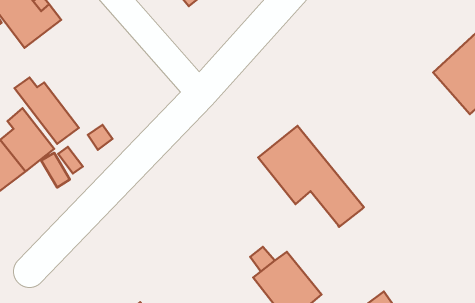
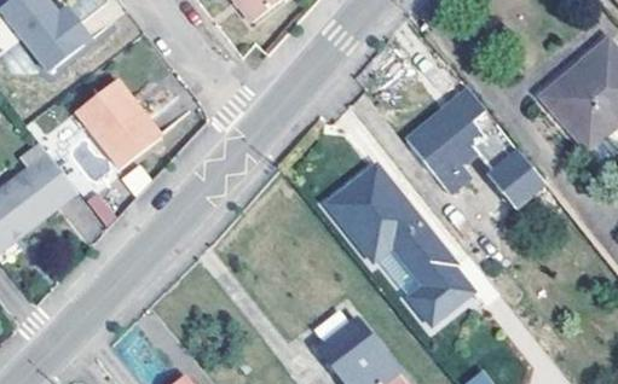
building: none -> [71,75,157,163]
building: none -> [406,88,544,205]
building: none -> [410,266,474,324]

